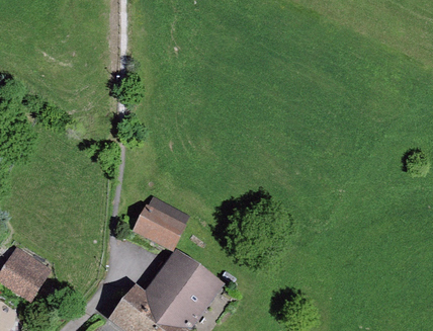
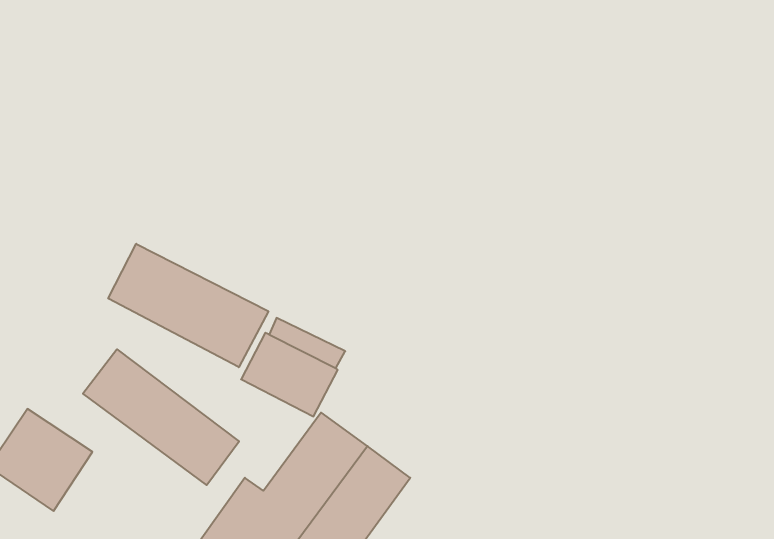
building: none -> [108,244,268,367]
building: none -> [83,349,239,485]

